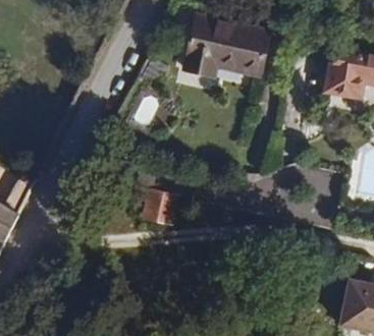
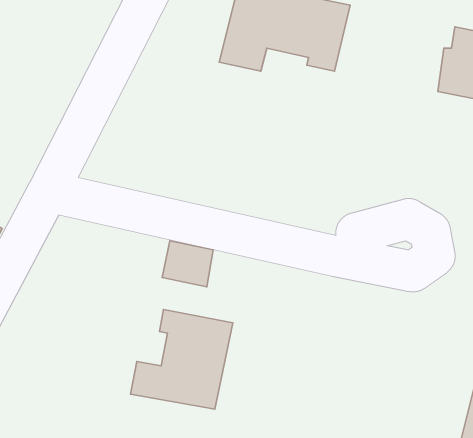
building: none -> [131,310,233,409]

